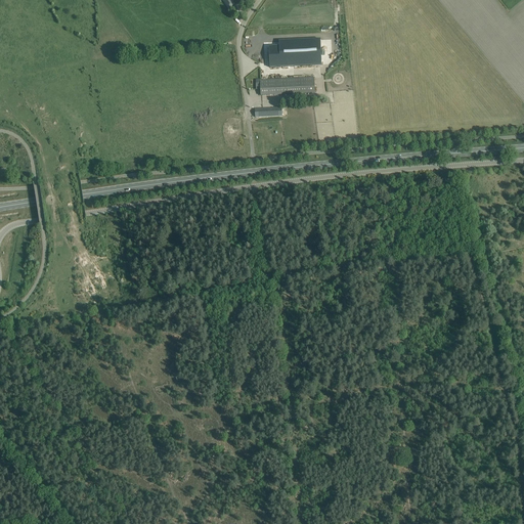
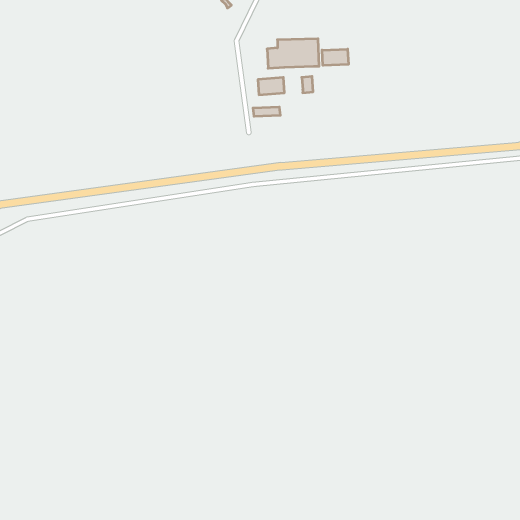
building: none -> [322,49,348,65]

